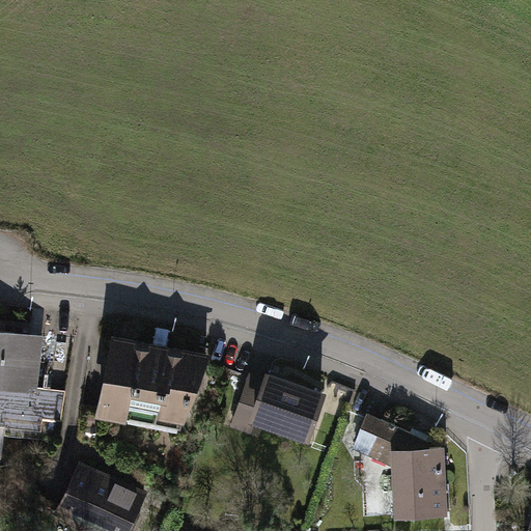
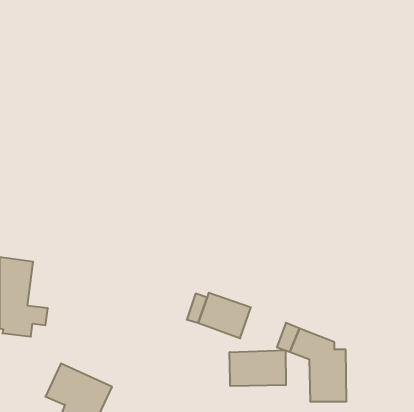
building: [99,342,204,429] -> none
building: none -> [230,350,286,386]

